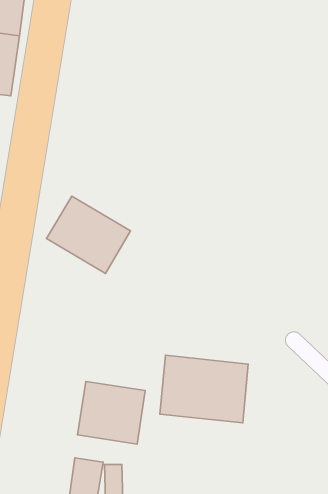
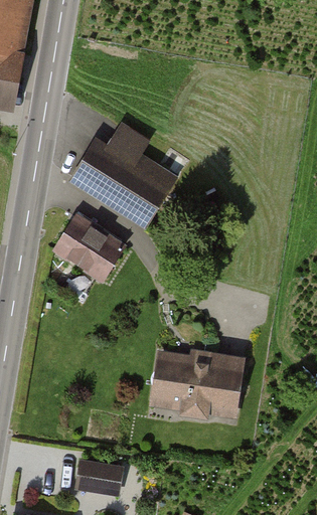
building: none -> [64,128,173,224]
building: [78,381,145,444] -> none

